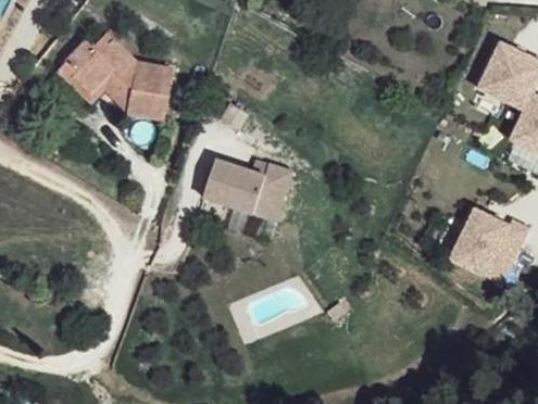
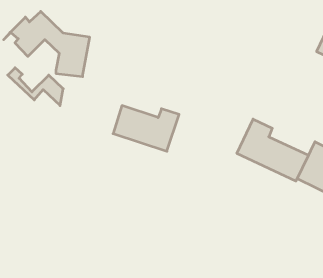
building: [55,60,130,111] -> [8,68,63,106]
building: none -> [237,119,309,181]

